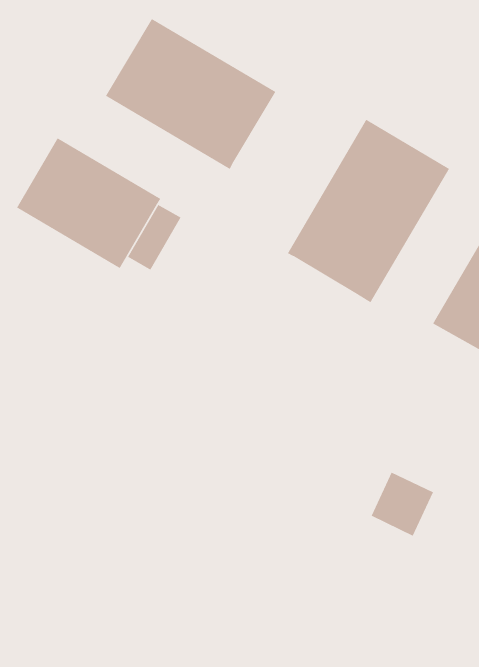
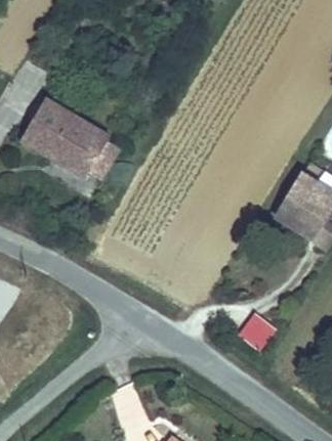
building: [105,18,276,170] -> none
building: [287,119,450,303] -> none

